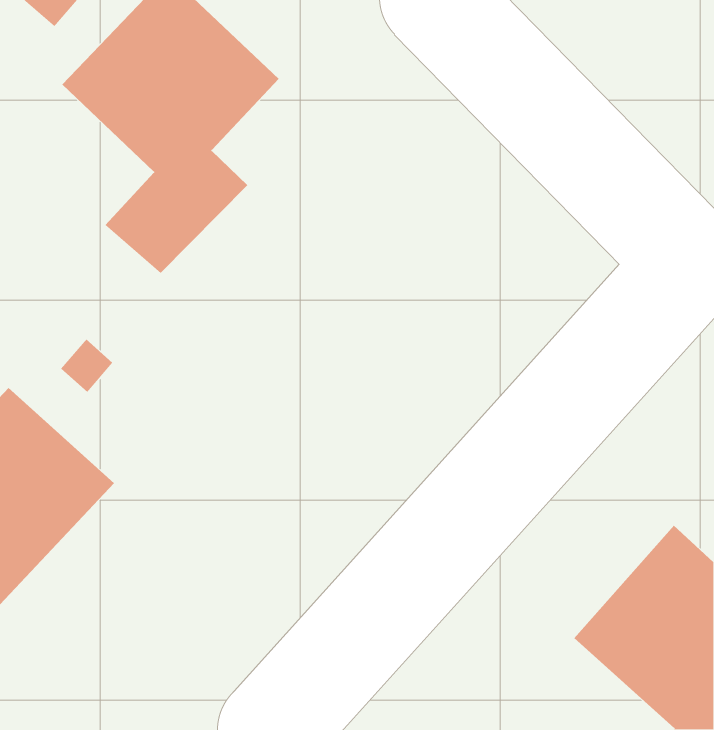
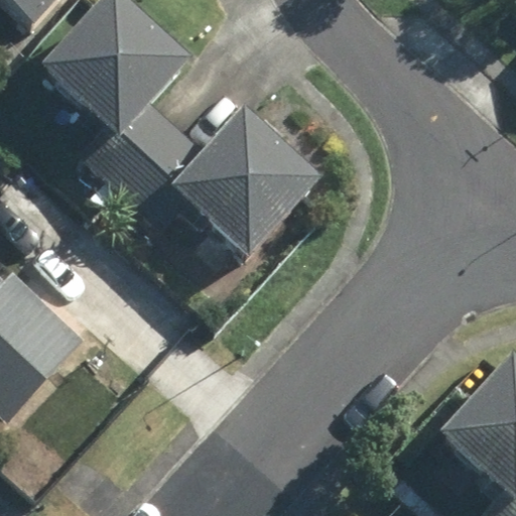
building: none -> [113,104,326,254]

